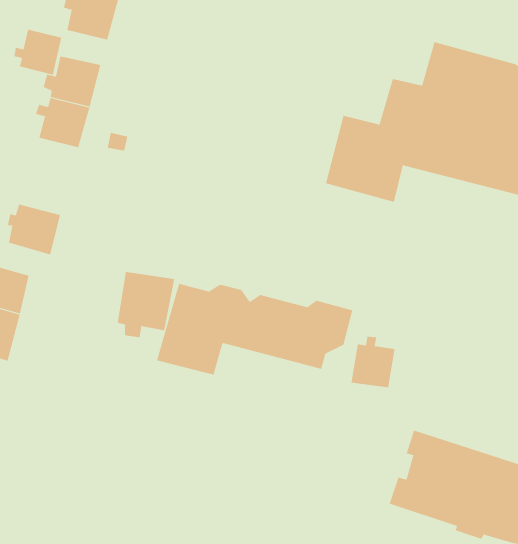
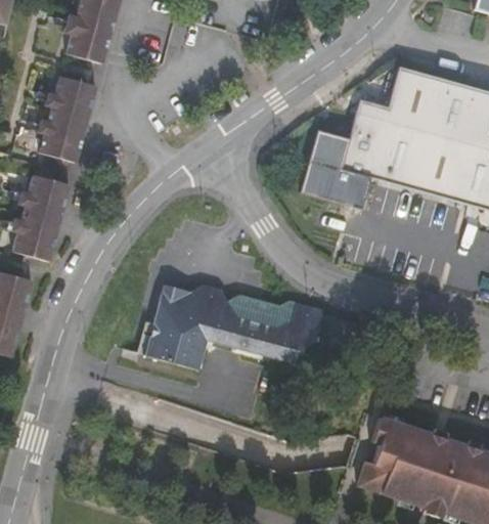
building: [14,29,62,75] -> none
building: none -> [15,174,70,222]
building: [117,271,175,338] -> none
building: [351,336,395,388] -> none

